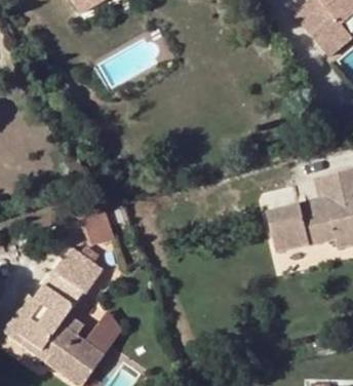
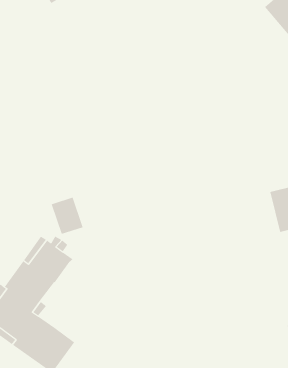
building: [267,202,311,252] -> none
building: [85,308,123,353] -> none

